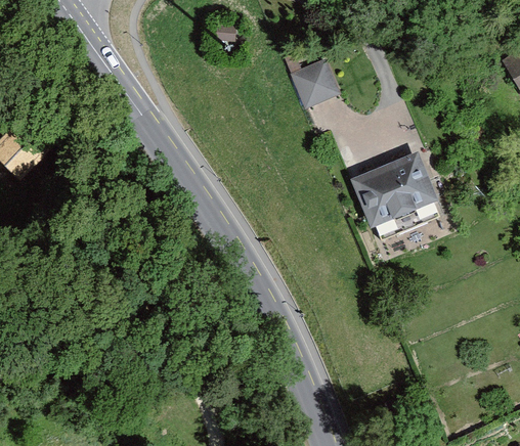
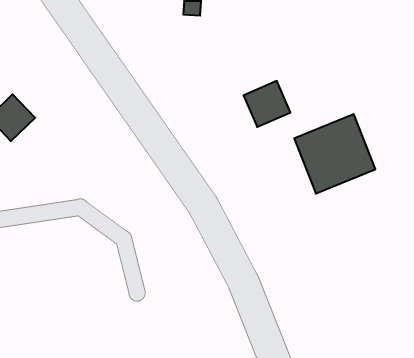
building: [286,56,339,108] -> [244,81,290,127]

